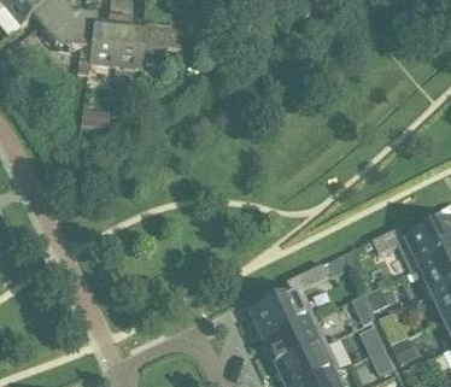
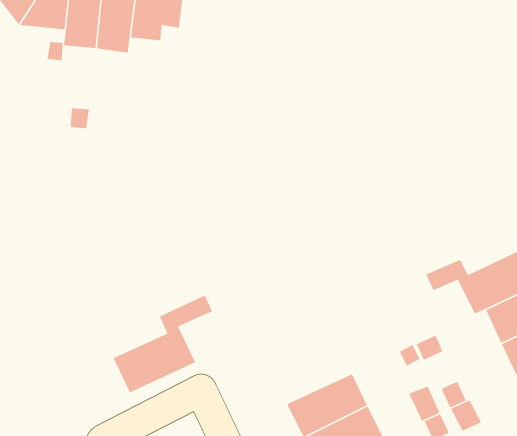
building: [251,266,329,344] -> [113,295,213,393]

